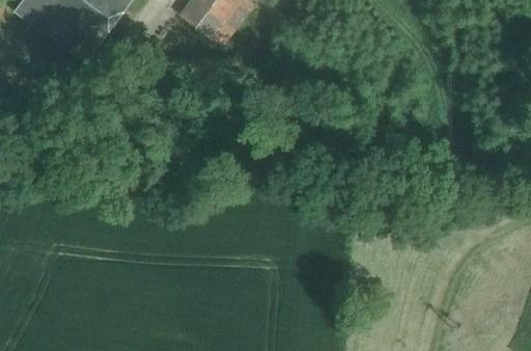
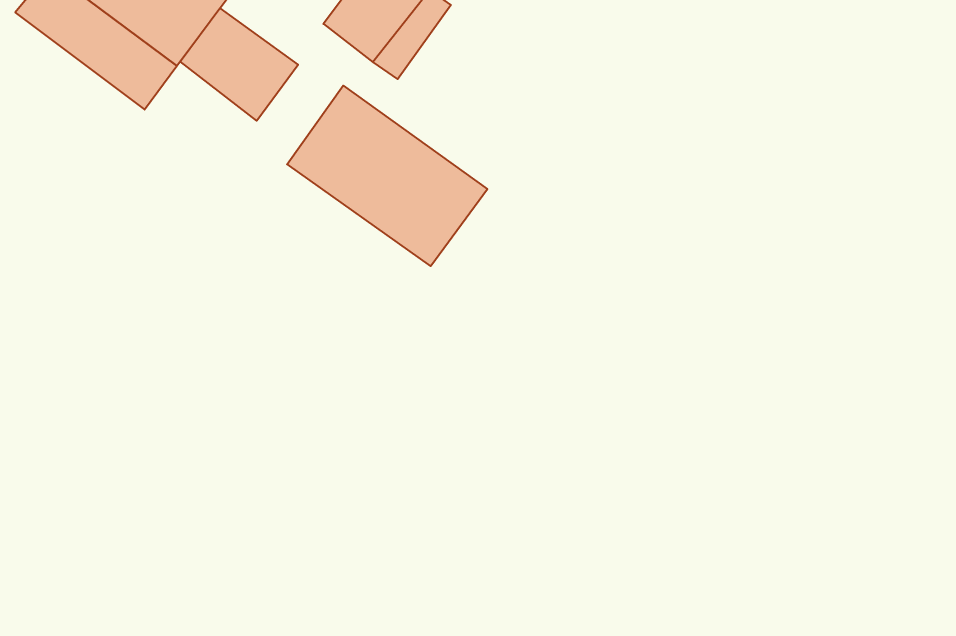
building: none -> [180,8,298,121]
building: none -> [287,86,487,266]

